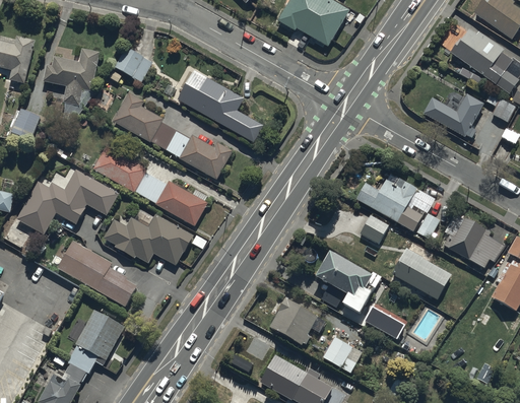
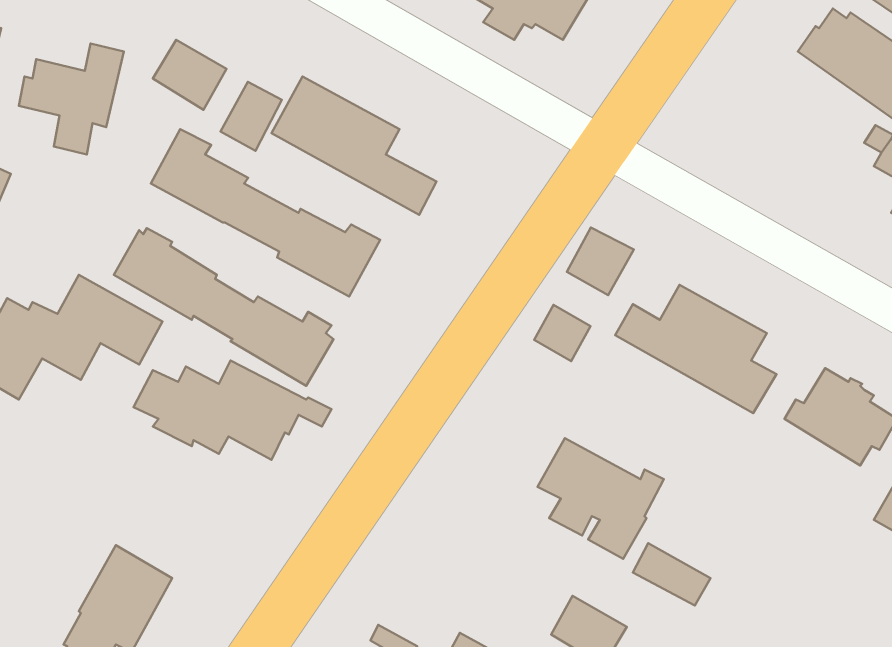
building: none -> [221,82,282,151]
building: [422,93,483,137] -> none
building: none -> [567,228,634,295]
building: [359,213,388,243] -> [534,305,591,361]
building: [56,240,140,309] -> none
building: [391,248,451,298] -> none
building: [268,297,325,345] -> none

